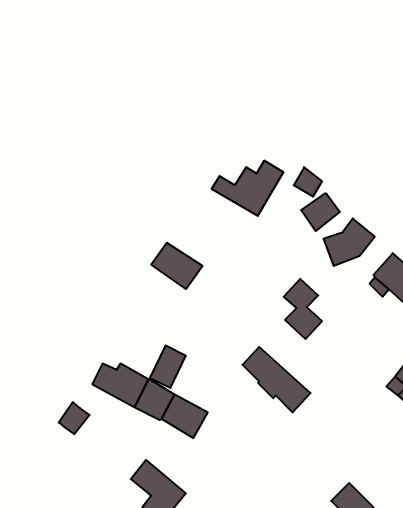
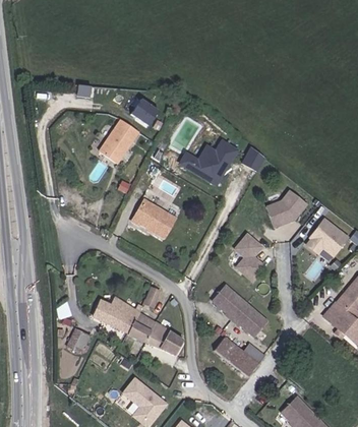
building: none -> [131,99,160,127]
building: none -> [101,120,143,166]
building: [301,193,340,231] -> none
building: none -> [213,340,267,379]

